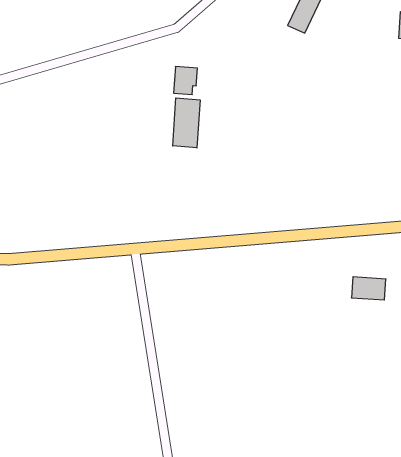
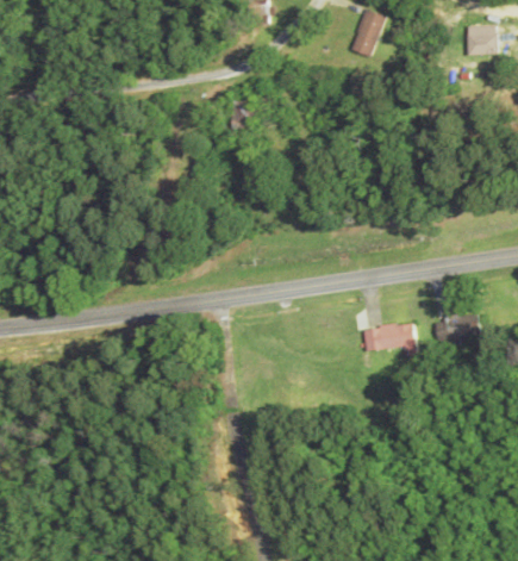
building: [173,98,200,148] -> none
building: none -> [361,322,414,356]

